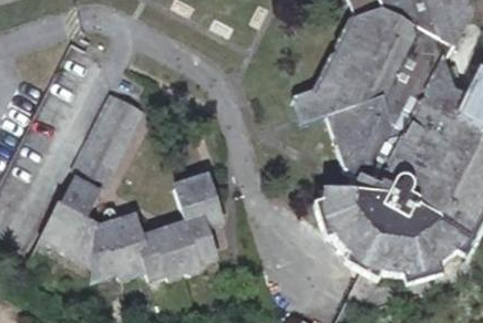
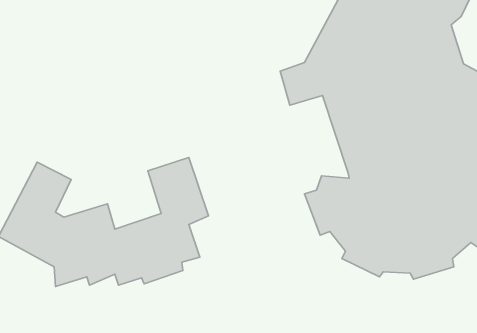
building: [74,84,146,176] -> none

